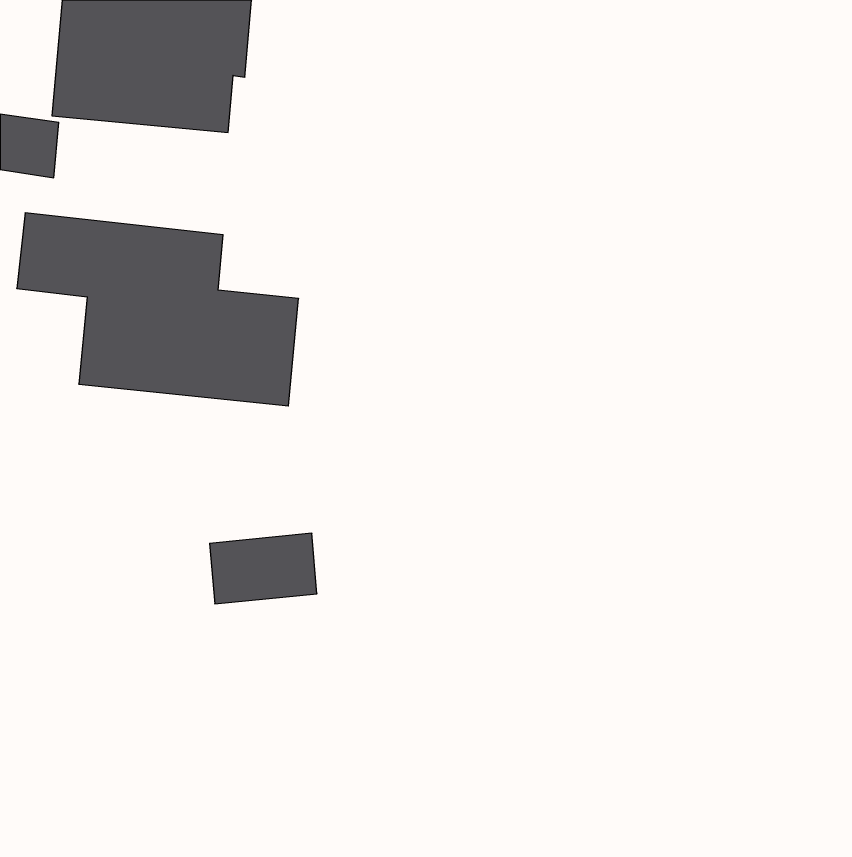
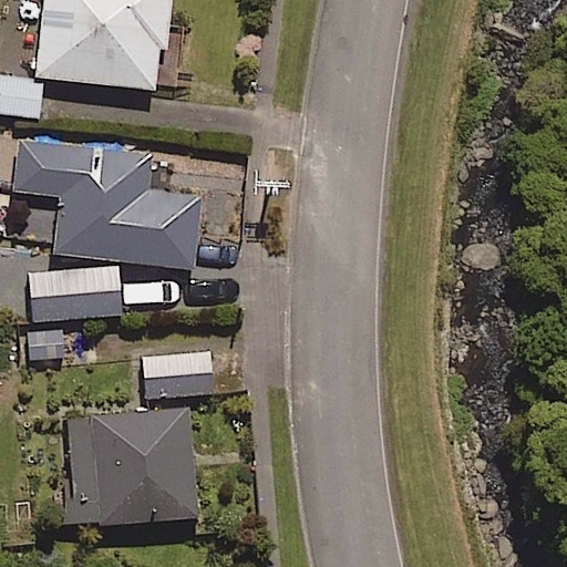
building: none -> [30,268,121,321]
building: none -> [66,410,196,524]

